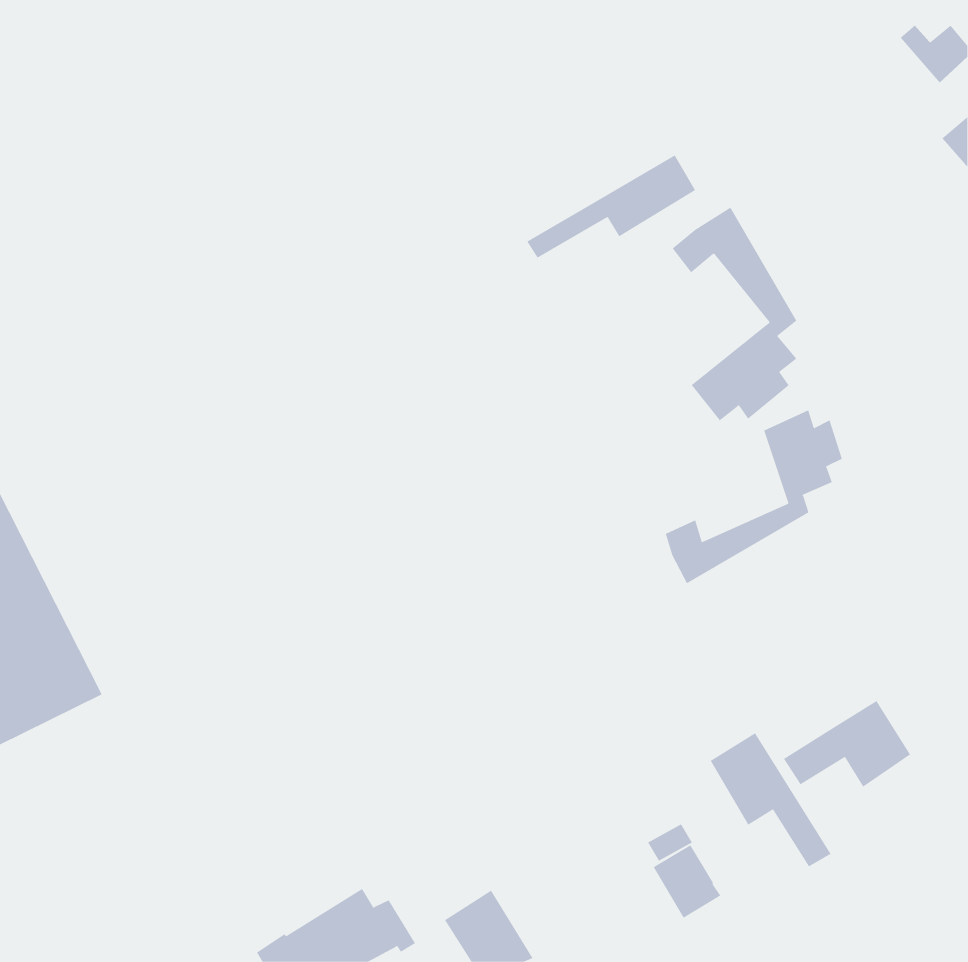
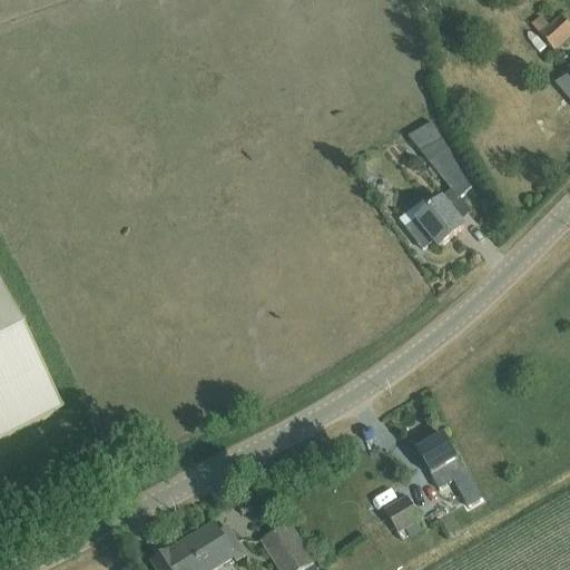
building: [526,155,696,258] -> none
building: [665,410,843,584] -> none
building: [783,700,911,787] -> none

